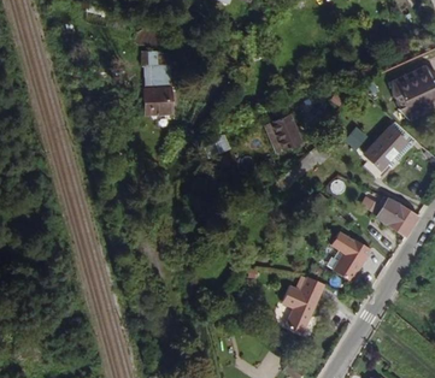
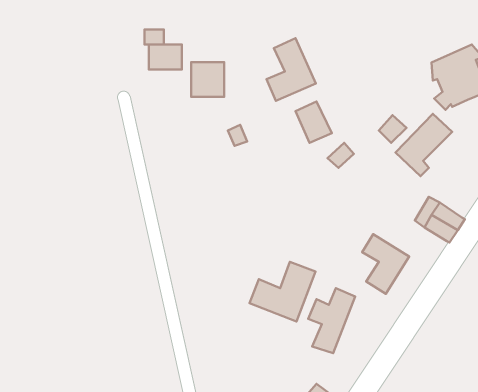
building: none -> [266,38,316,101]
building: [143,87,172,117] -> [191,62,224,97]
building: none -> [250,262,316,322]

